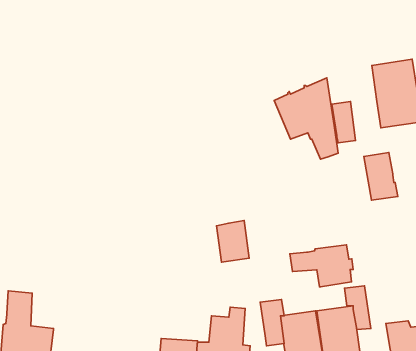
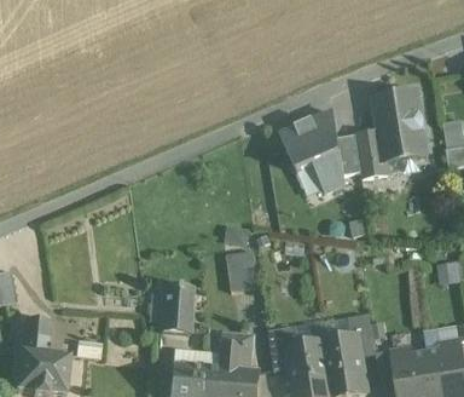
building: [364,153,398,200] -> [355,131,388,177]
building: [290,245,353,287] -> none
building: none -> [158,297,191,332]

